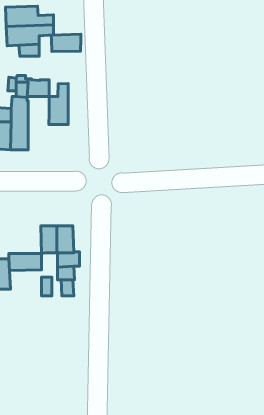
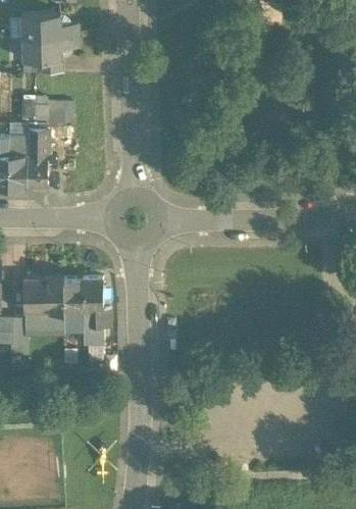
building: [51,34,81,51] -> none
building: [49,84,68,125] -> none
building: none -> [23,278,63,313]

